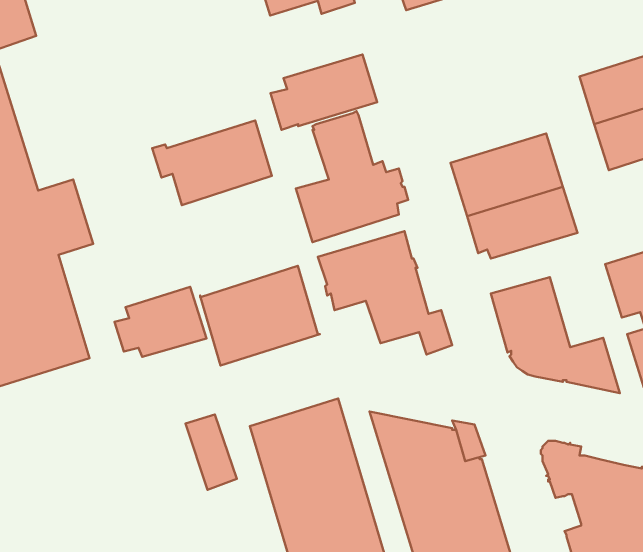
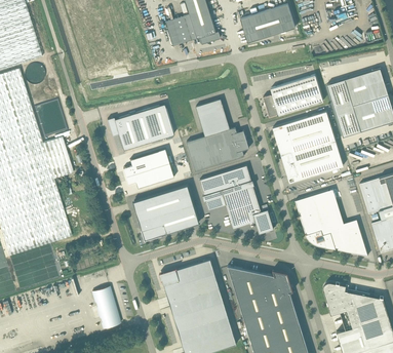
building: [270,54,377,130] -> [264,75,323,117]
building: none -> [327,79,361,136]
building: [115,287,207,357] -> [123,149,174,188]
building: [185,414,237,490] -> [92,286,121,328]

